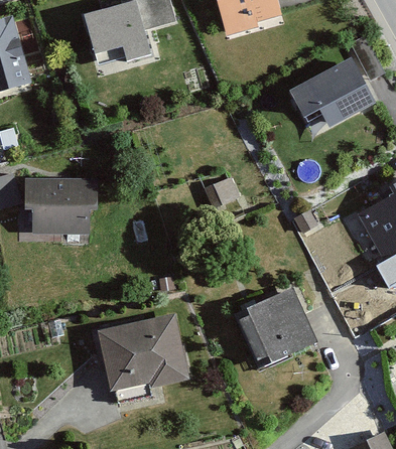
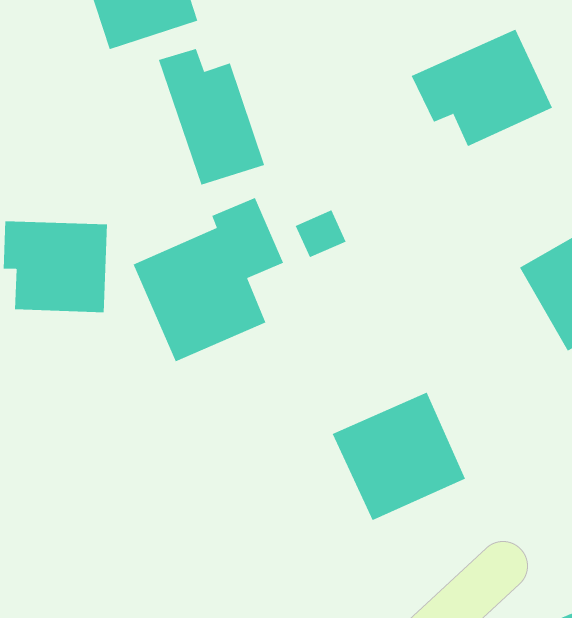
building: none -> [158,48,265,185]
building: none -> [133,197,284,362]
building: [91,314,187,395] -> none

